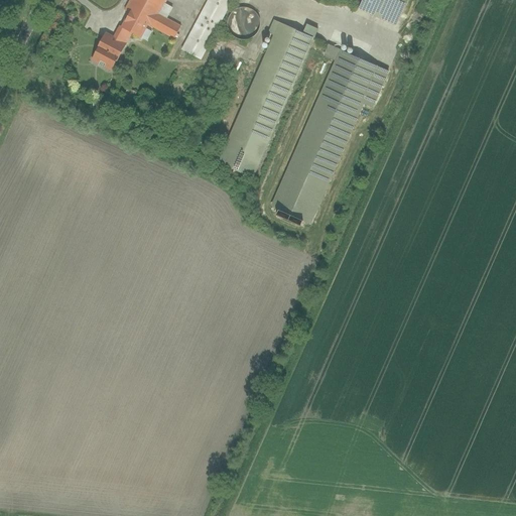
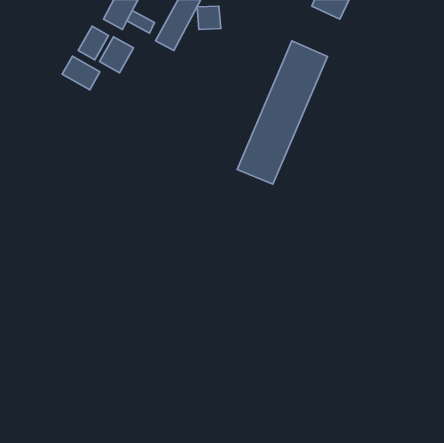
building: [219,20,314,174] -> none
building: none -> [99,37,134,73]
building: none -> [62,56,100,90]

